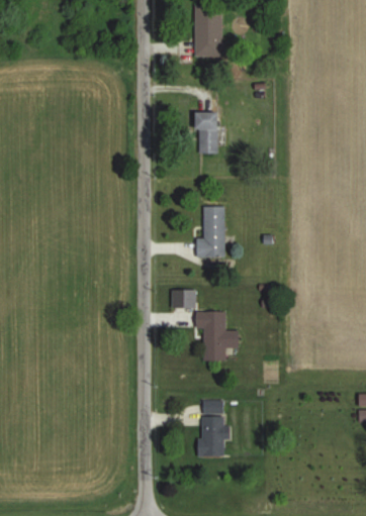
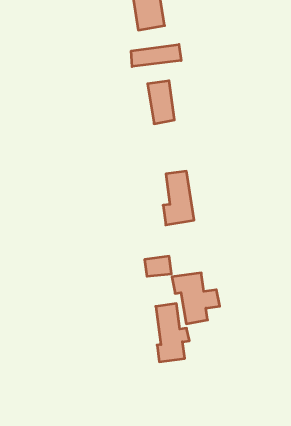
building: none -> [131,44,181,67]
building: [197,401,231,457] -> [156,304,189,362]

